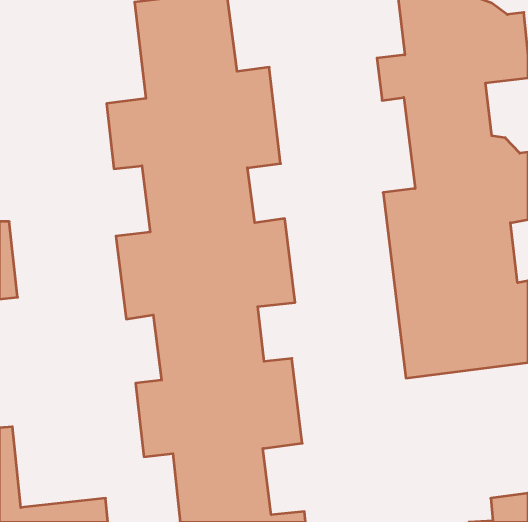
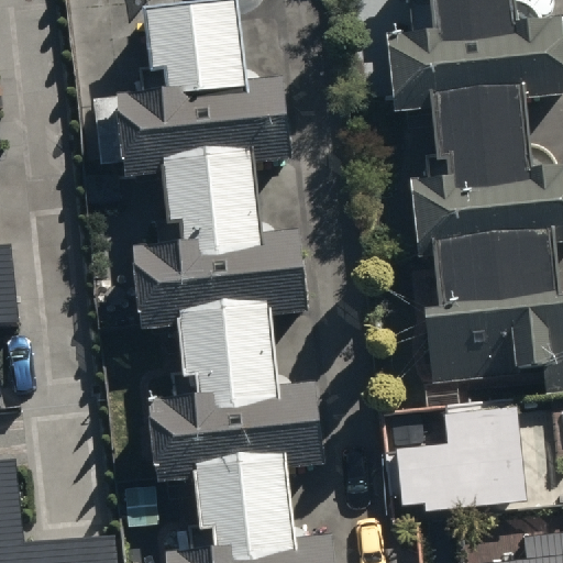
building: none -> [395,399,526,504]

